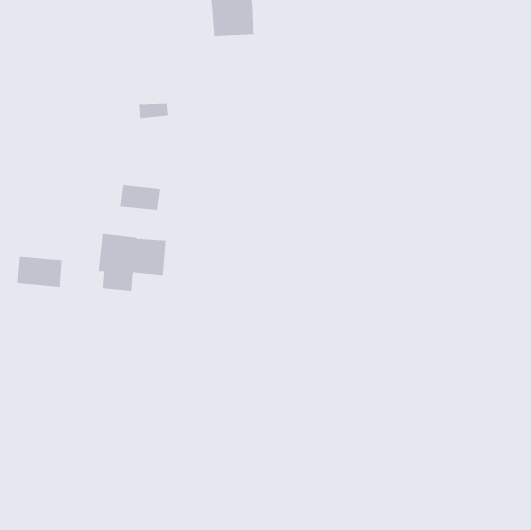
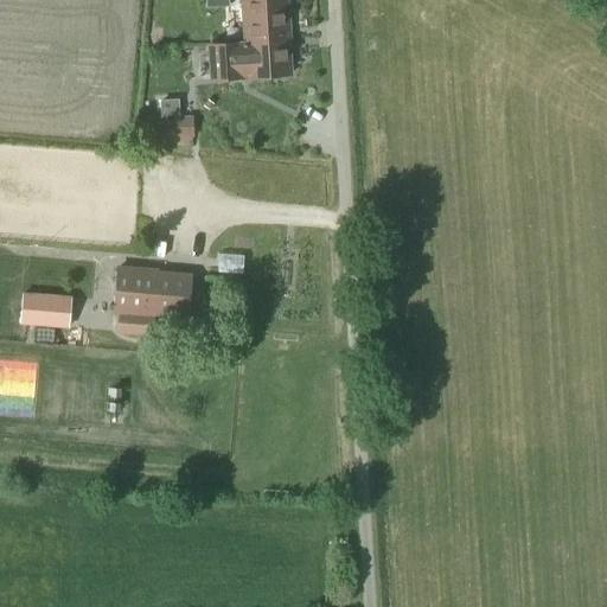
building: none -> [209,39,292,79]
building: [120,184,160,211] -> none

